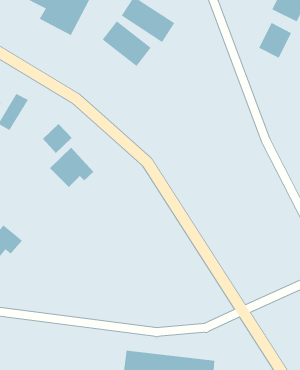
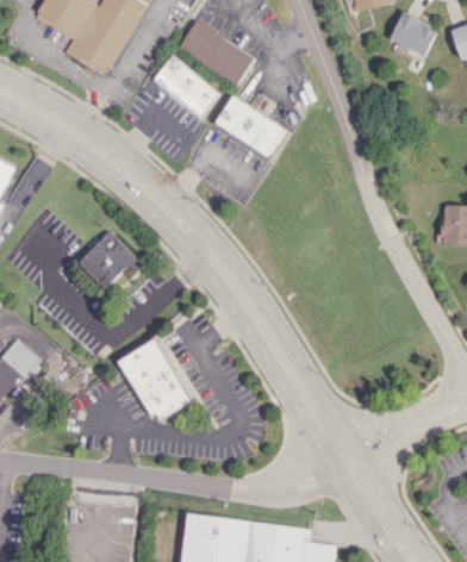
building: [259,22,292,59] -> none
building: none -> [217,95,286,157]
building: [42,123,72,154] -> none
building: none -> [118,338,193,423]

